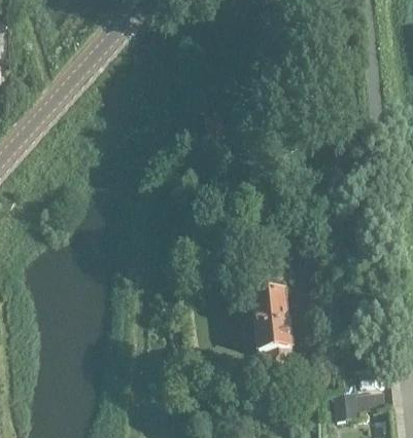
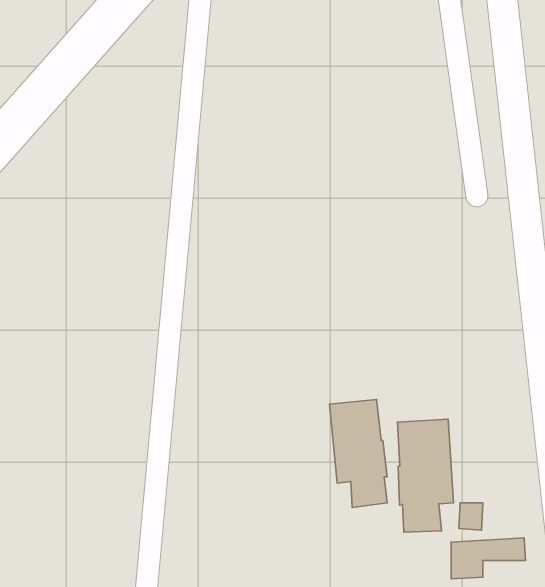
building: none -> [398,419,453,532]

